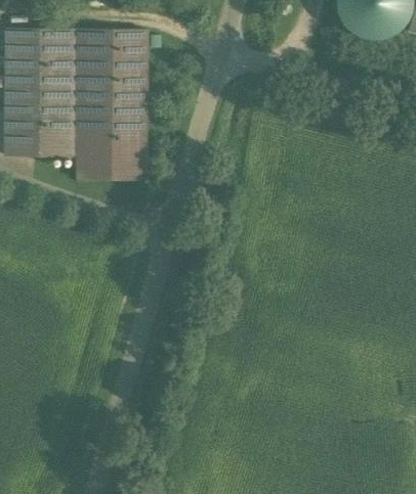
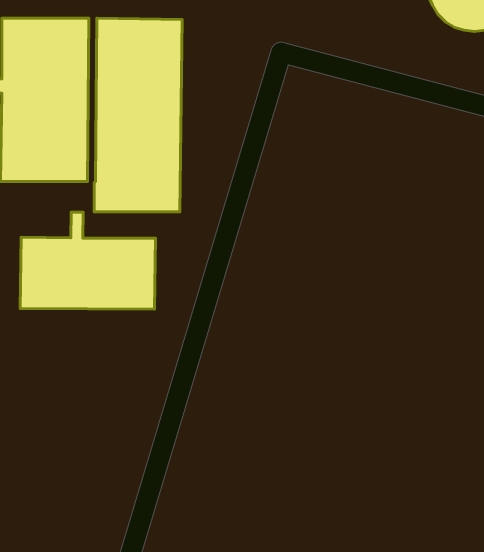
building: none -> [20,212,156,309]

